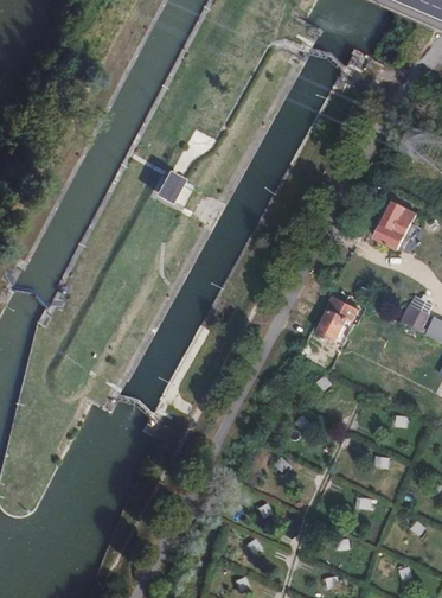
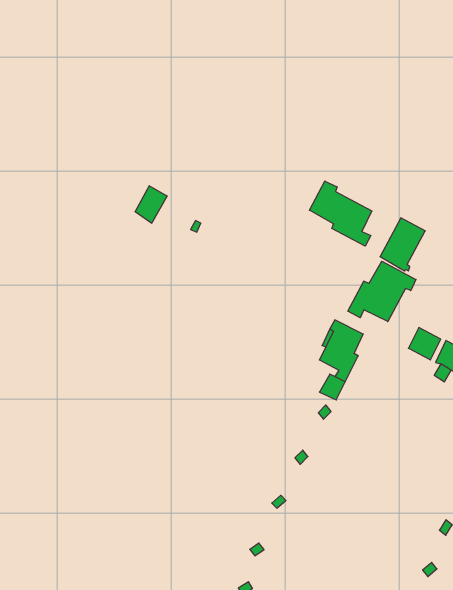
building: none -> [309,181,372,246]
building: none -> [348,261,416,322]

